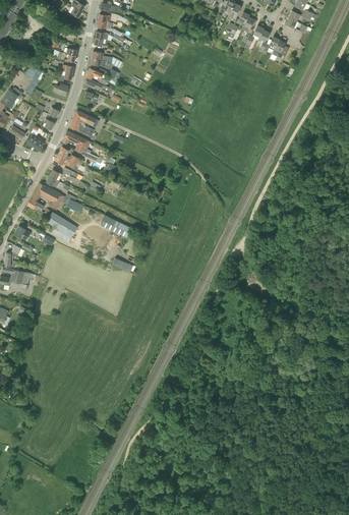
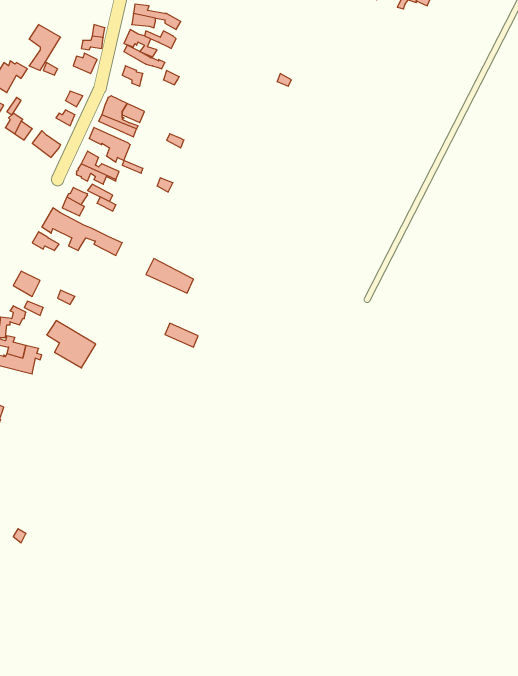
building: [46,212,77,242] -> [47,321,96,368]

